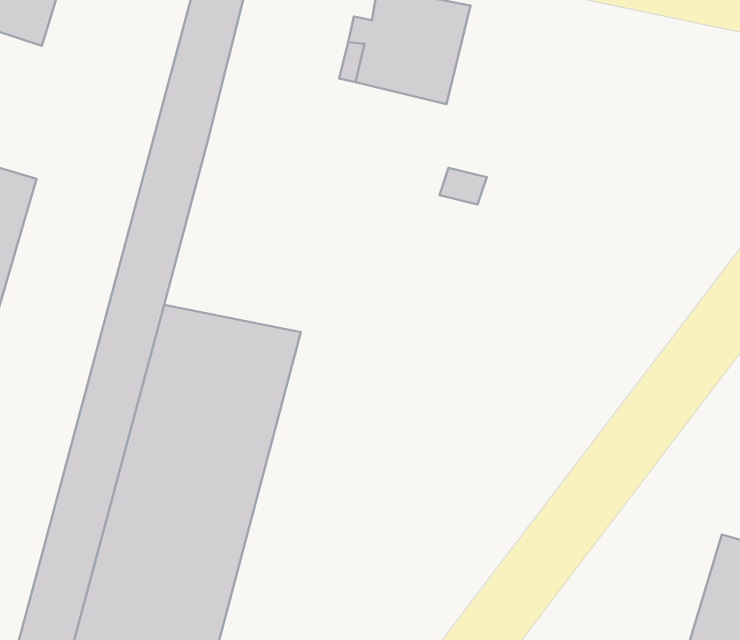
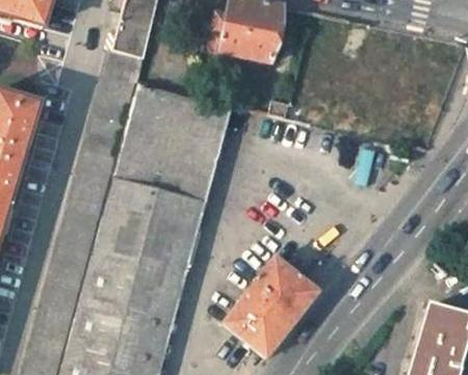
building: none -> [112,82,214,191]
building: none -> [226,259,318,357]

